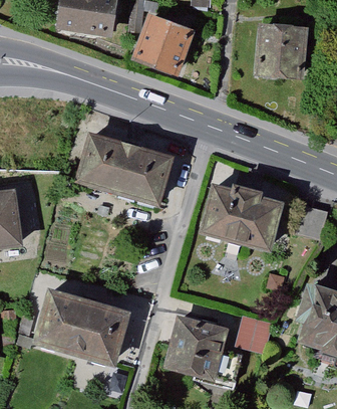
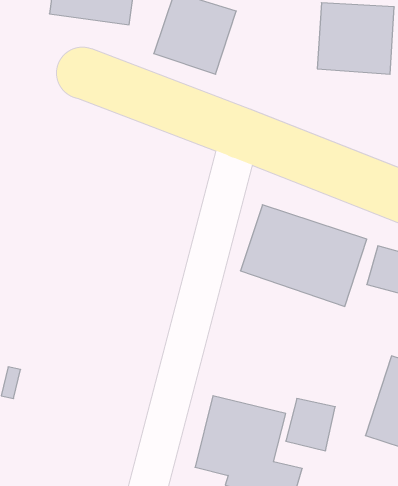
building: [74,128,173,203] -> none
building: [32,290,130,364] -> none

